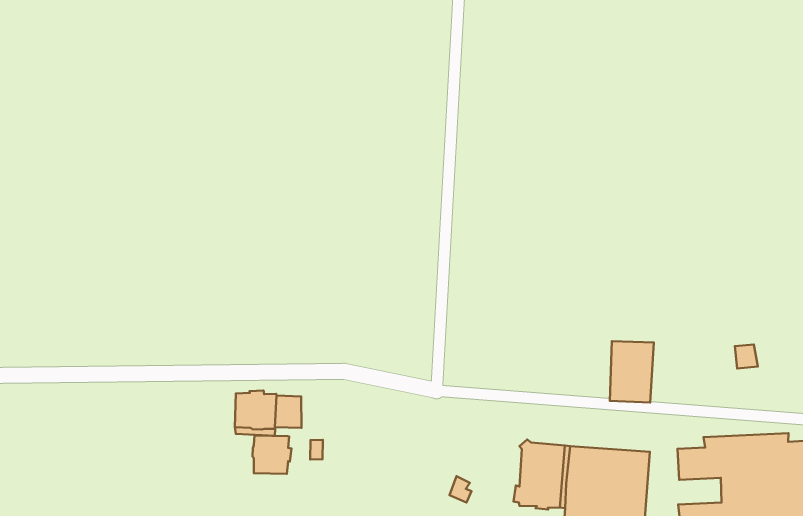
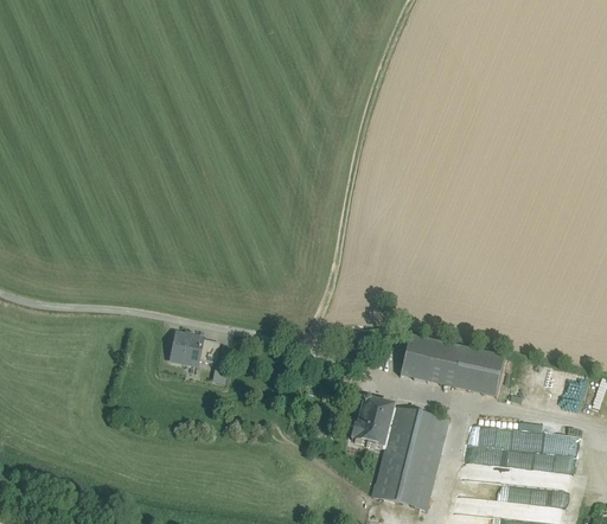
building: none -> [398,333,435,381]
building: none -> [454,346,505,396]
building: [253,435,291,474] -> none

